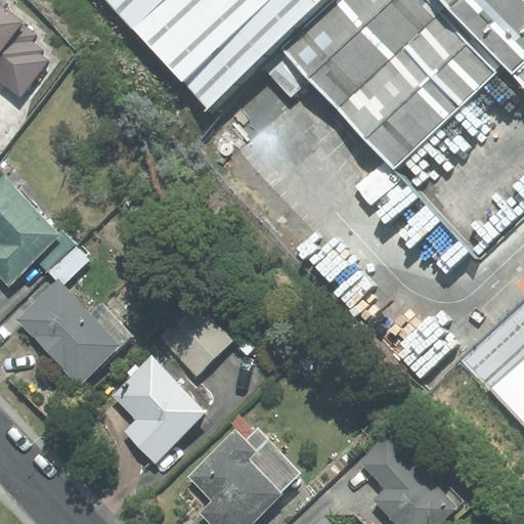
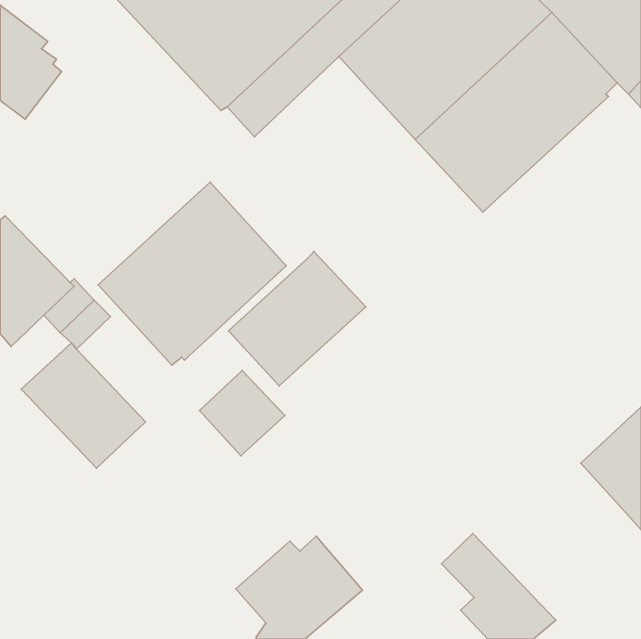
building: none -> [98,182,286,365]
building: none -> [229,252,366,386]
building: [113,355,206,460] -> none

